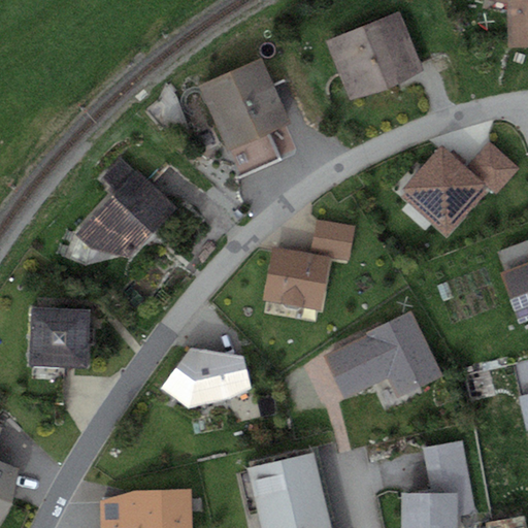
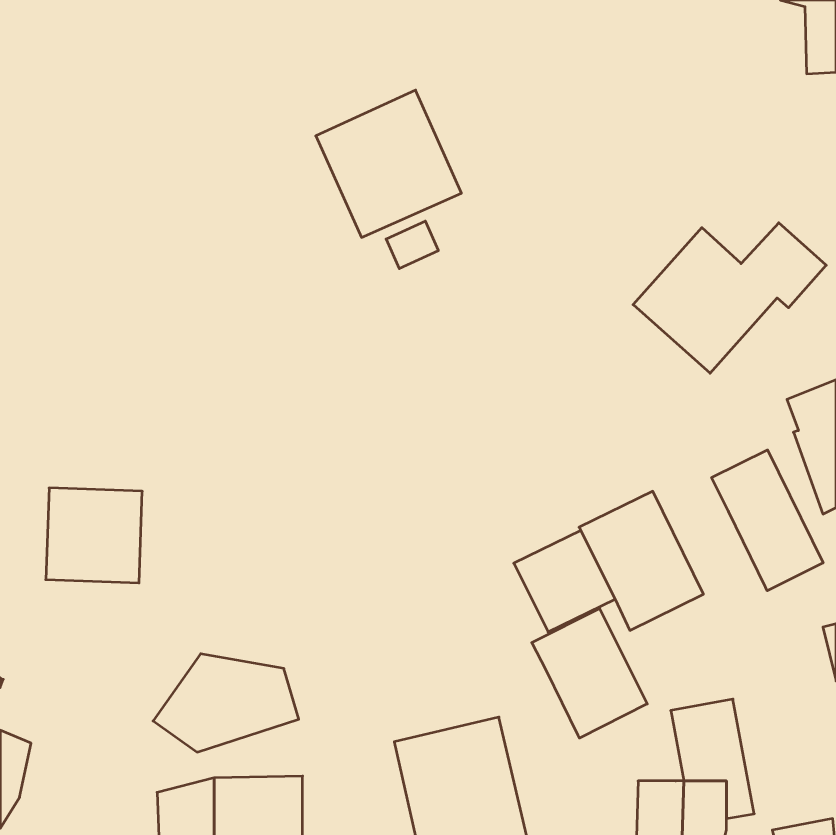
building: [326,11,423,100] -> none
building: [74,158,176,258] -> none
building: [264,221,355,310] -> none
building: none -> [712,450,823,591]
building: [161,348,253,409] -> [153,654,299,752]
building: none -> [532,608,647,738]

